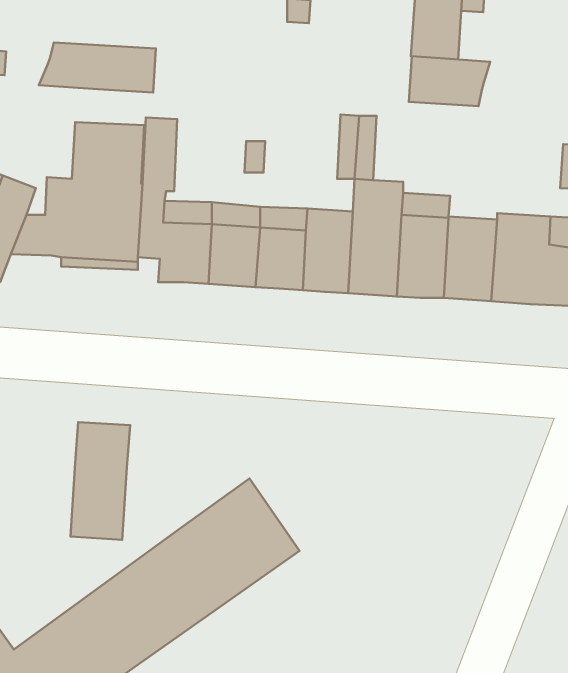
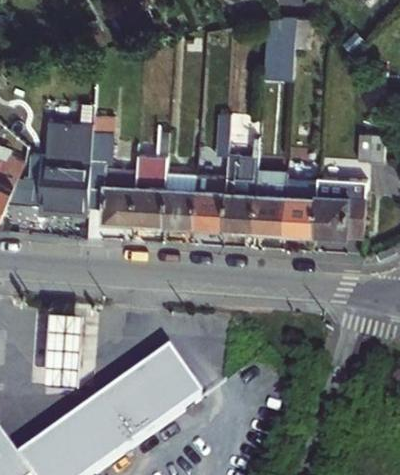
building: [39,43,156,93] -> none
building: [409,56,490,106] -> none

